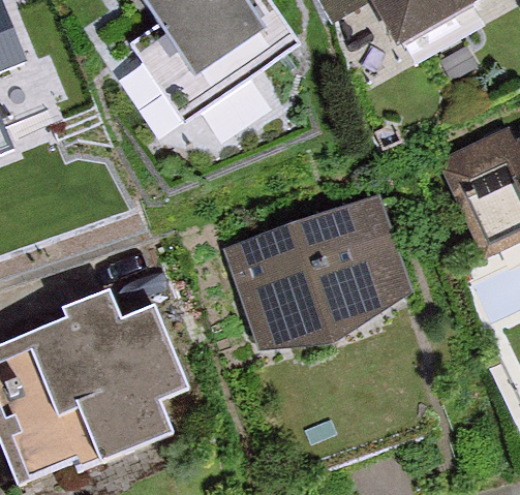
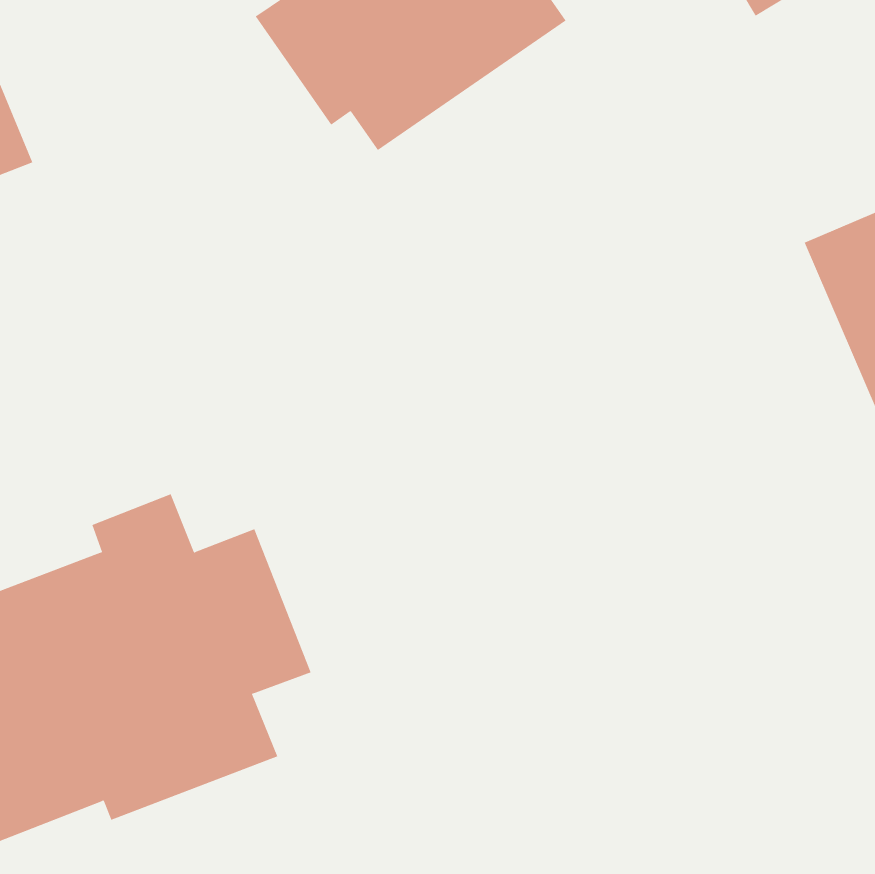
building: [226,198,403,339] -> none

